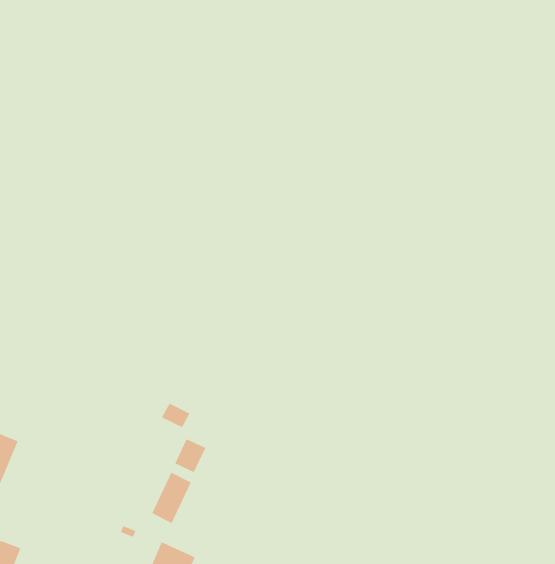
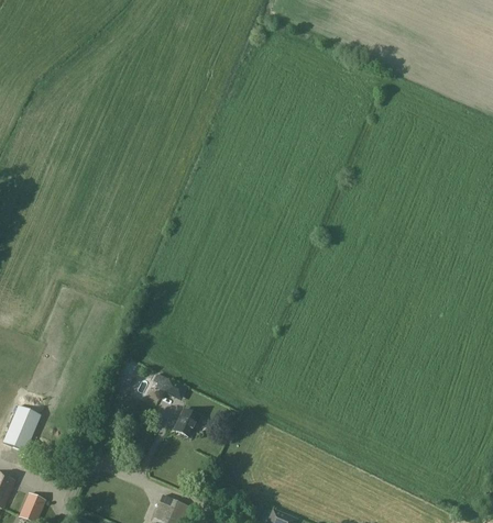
building: [152,472,191,524] -> none

